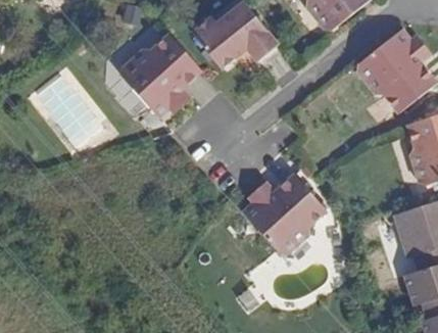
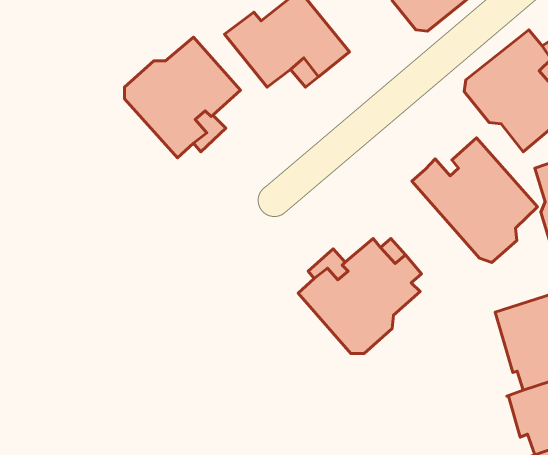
building: none -> [412,138,538,262]

